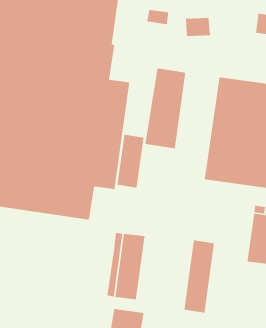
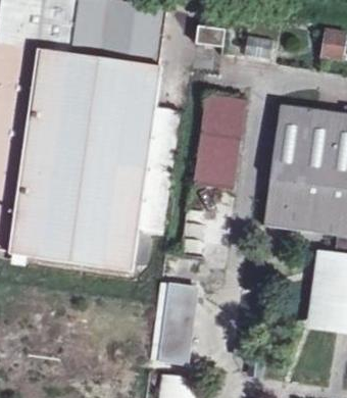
building: [117,134,145,189] -> none
building: [184,239,215,313] -> none

